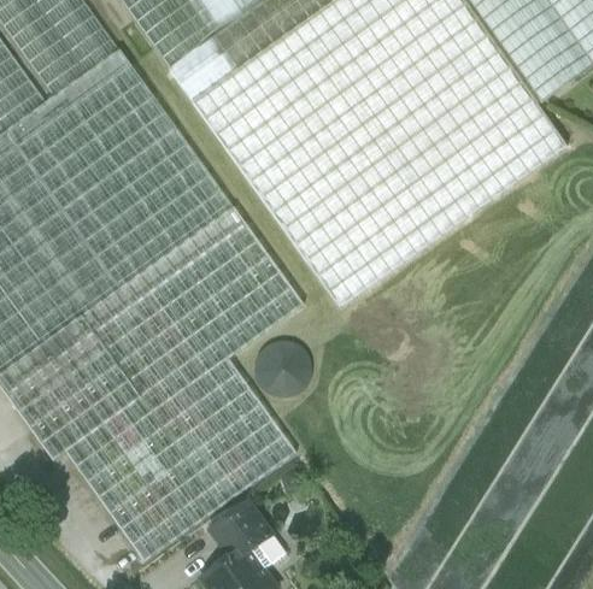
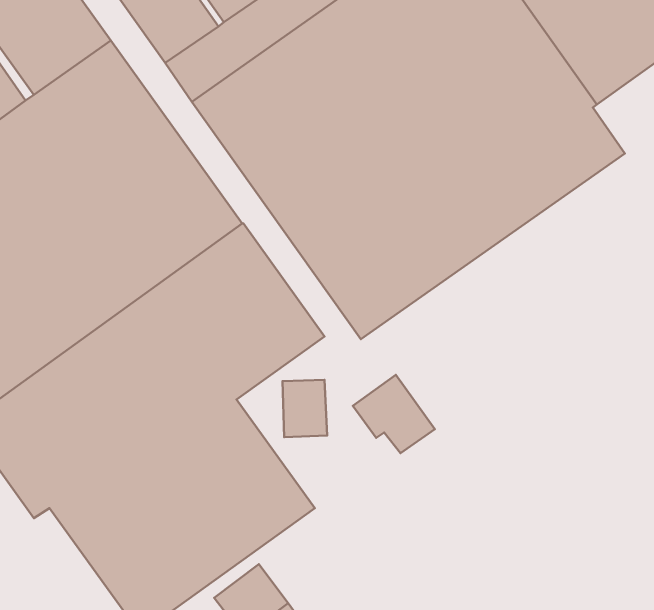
building: none -> [353,375,435,453]

